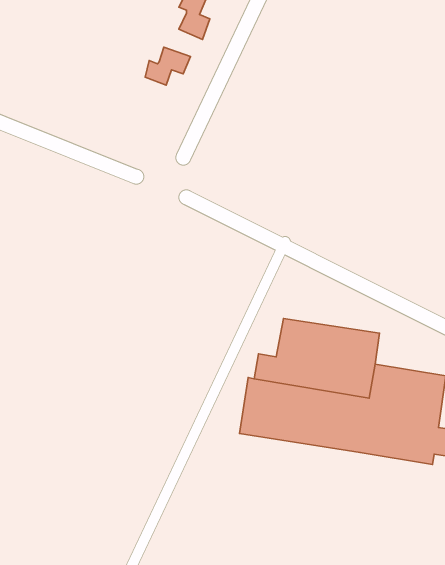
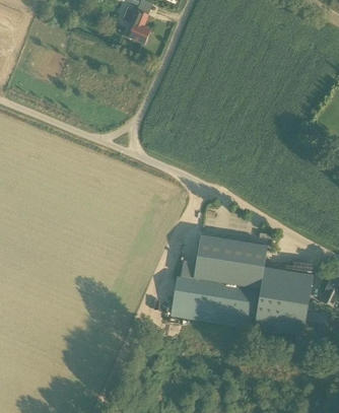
building: [145,47,191,85] -> none

